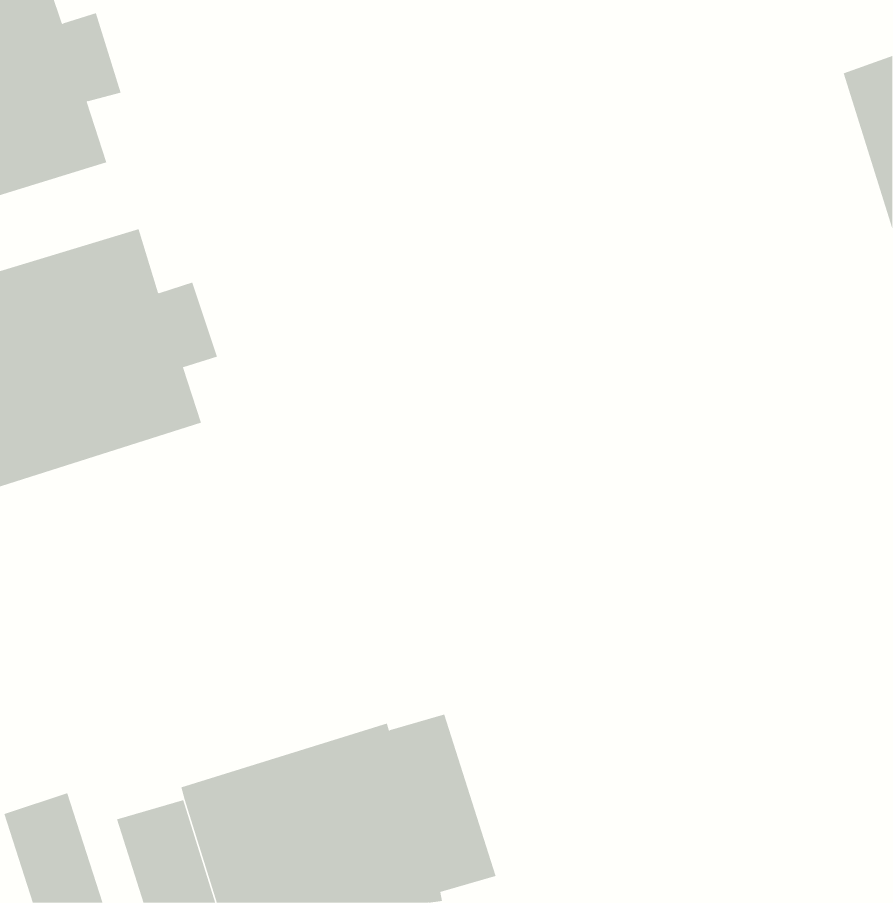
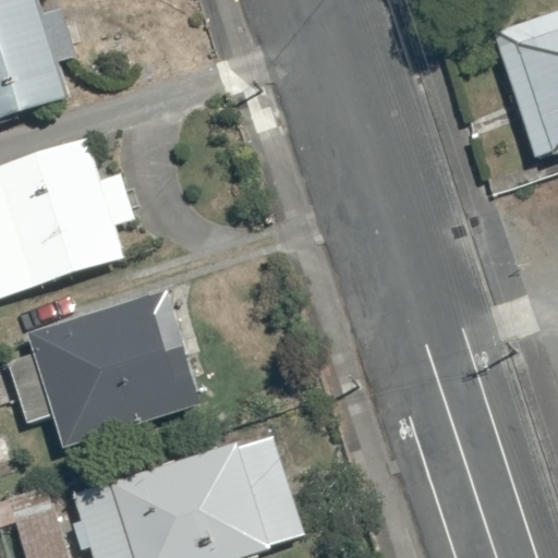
building: none -> [26,290,199,447]

